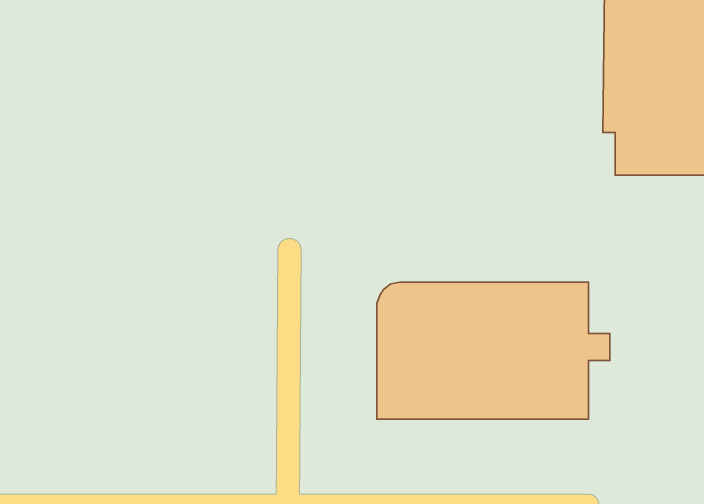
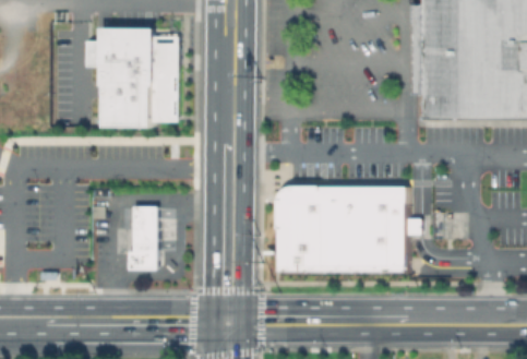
building: none -> [85,28,177,128]
building: none -> [128,207,157,271]

